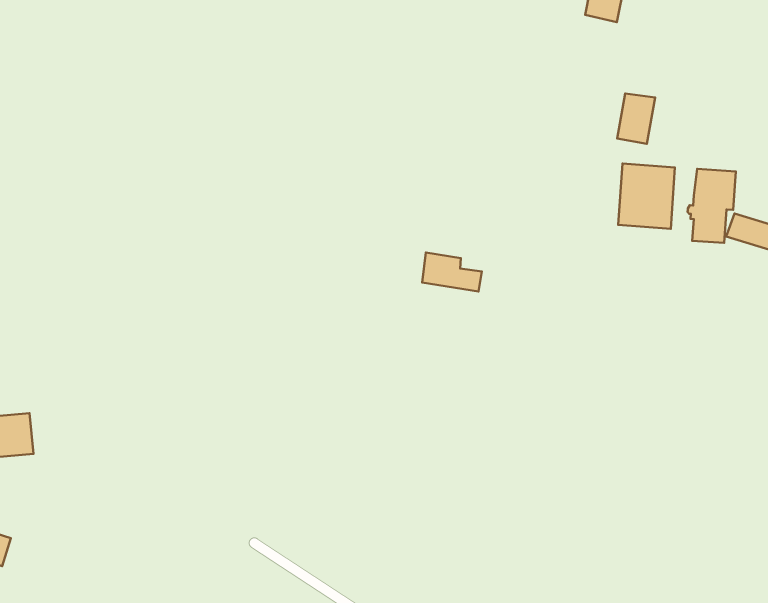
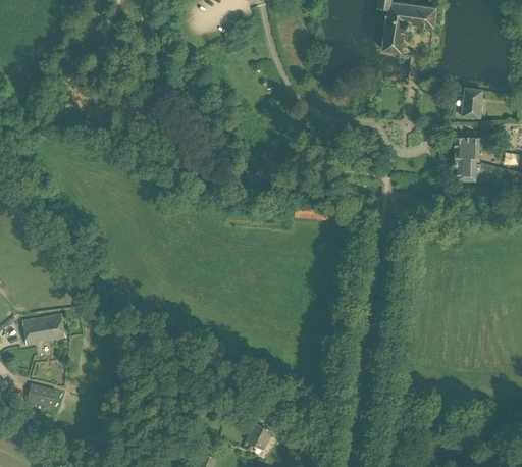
building: [617,94,655,144] -> [461,88,482,117]
building: [618,163,675,229] -> none

